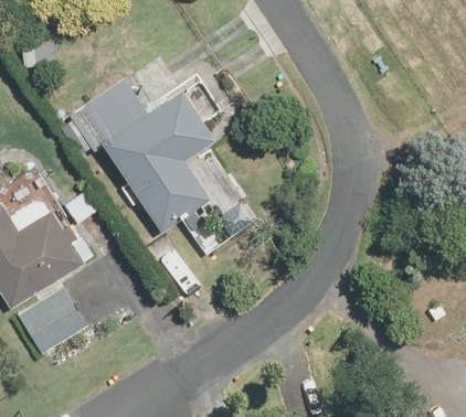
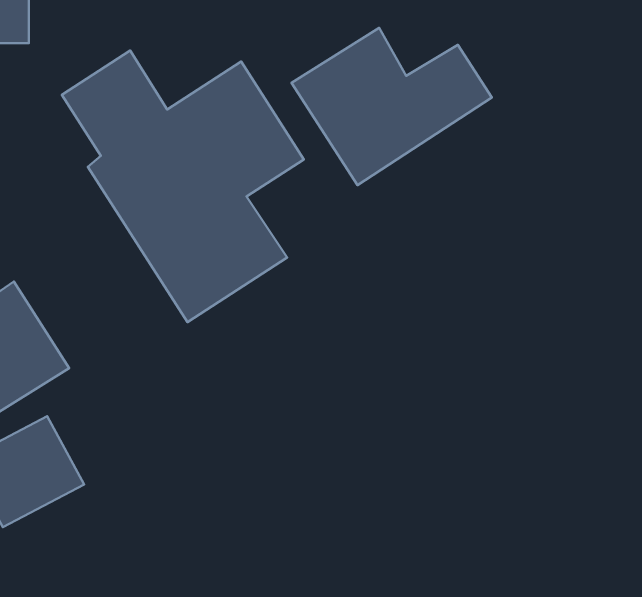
building: none -> [292,28,492,185]

